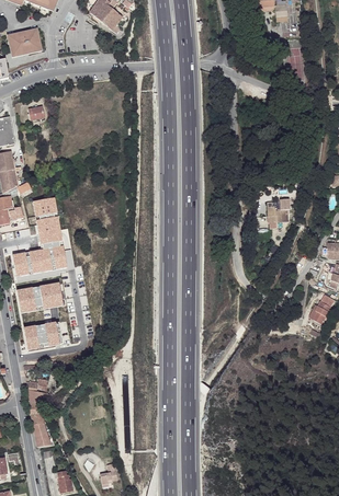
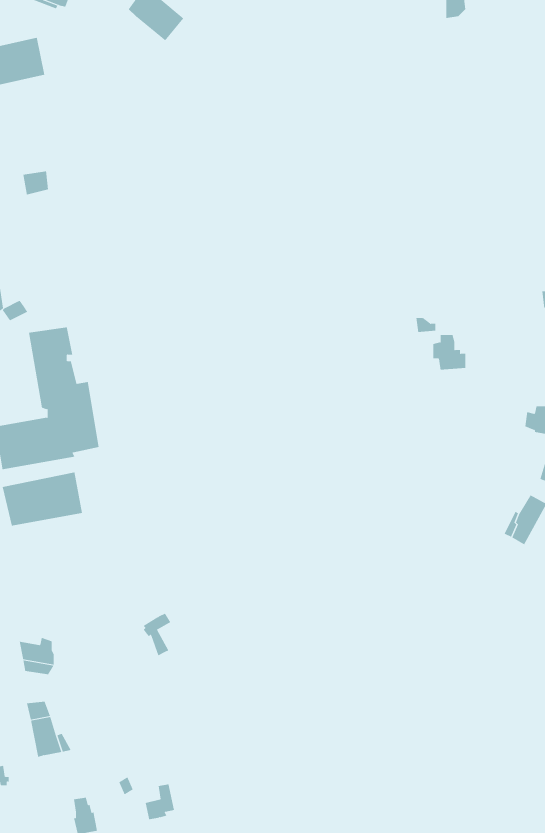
building: [23,321,64,350] -> none

